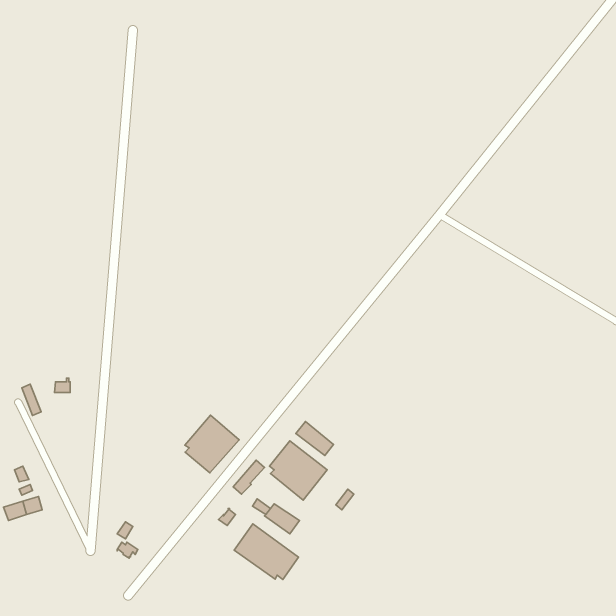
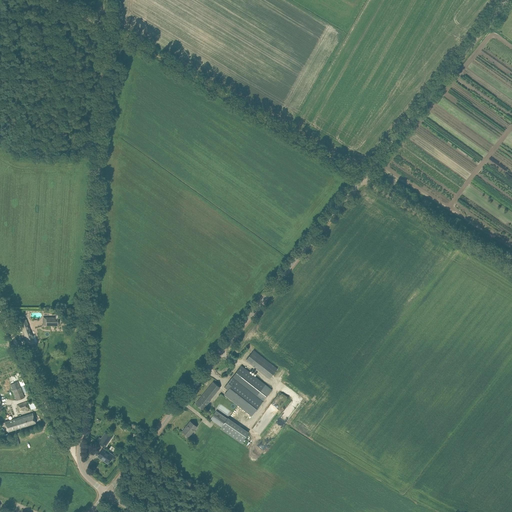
building: [185,415,239,473] -> none
building: [234,524,298,579] -> none

